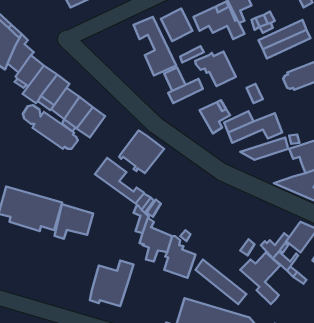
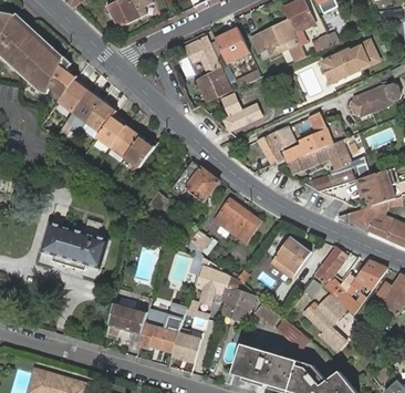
building: [195,51,236,86] -> none
building: [23,105,78,149] -> none
building: none -> [214,198,257,241]
building: none -> [270,236,310,277]
building: [55,204,93,239] -> [105,301,147,339]
building: none -> [313,246,347,285]
building: none -> [172,328,200,362]

